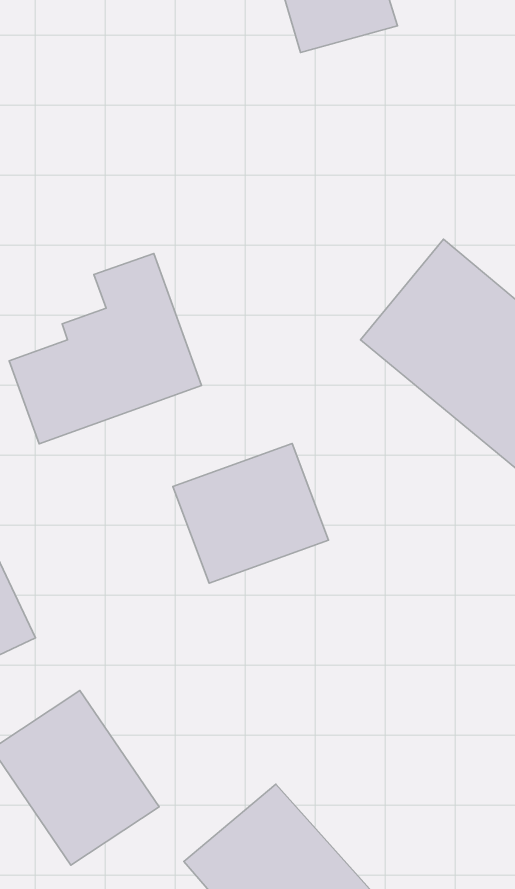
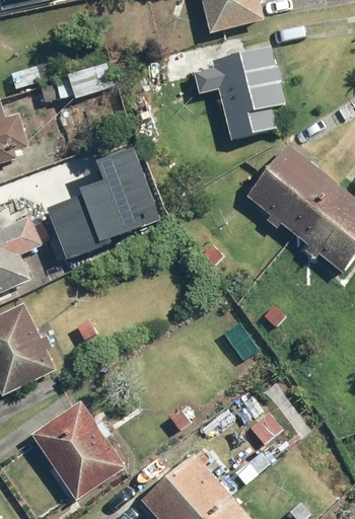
building: none -> [192,45,284,142]
building: [173,444,328,583] -> none

